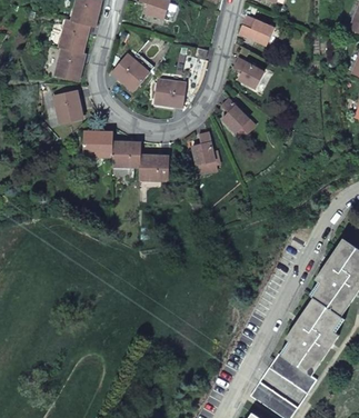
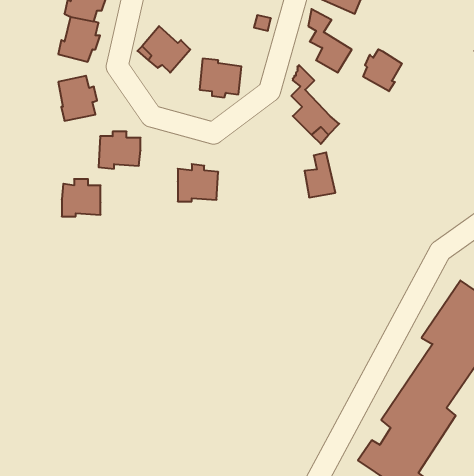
building: none -> [363,49,402,91]
building: [192,132,215,165] -> [304,152,335,197]
building: [111,141,139,168] -> [62,179,101,216]

